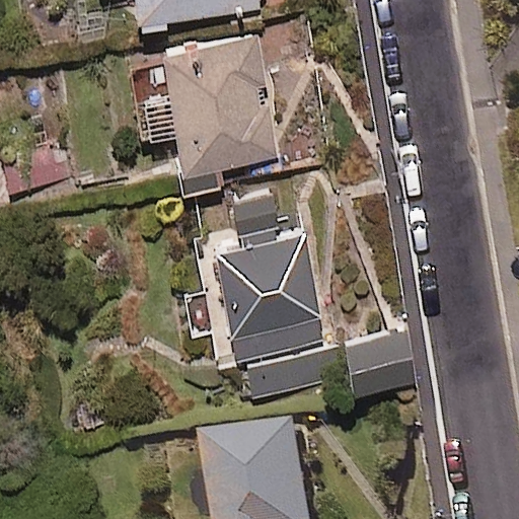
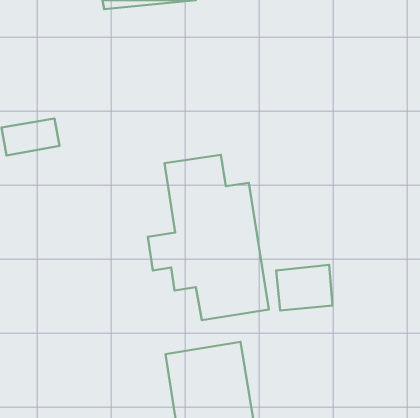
building: [129,34,275,189] -> none

